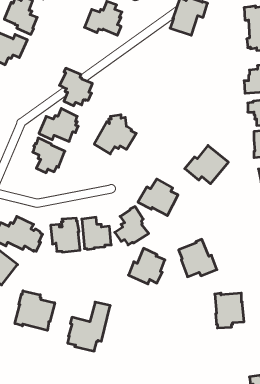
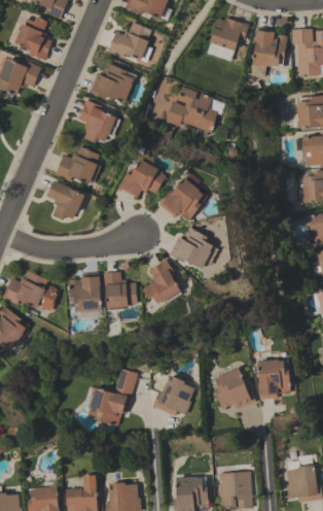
building: none -> [252,26,287,79]
building: none -> [88,62,137,103]
building: none -> [166,86,225,135]
building: [185,145,228,184] -> [158,176,209,220]
building: [179,239,217,277] -> [211,366,255,409]
building: [128,248,165,284] -> [152,374,194,415]
building: [15,291,55,330] -> none

